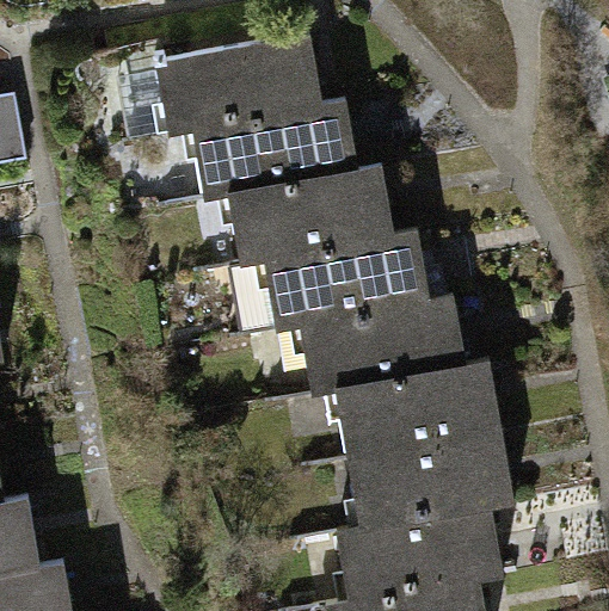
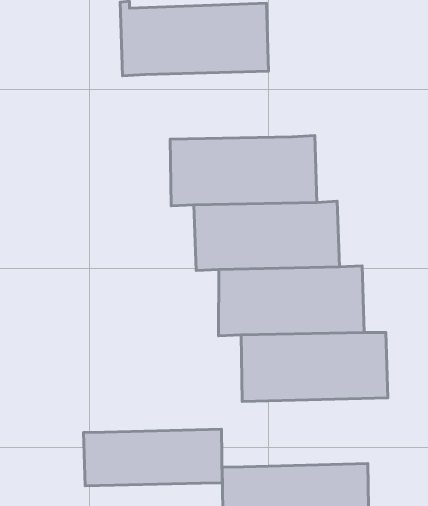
building: [190,101,356,198] -> none
building: [346,432,512,529] -> none
building: none -> [83,429,222,486]

